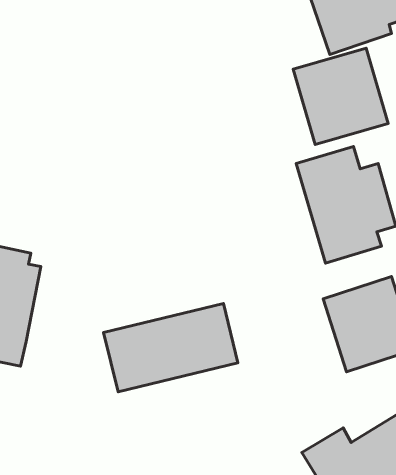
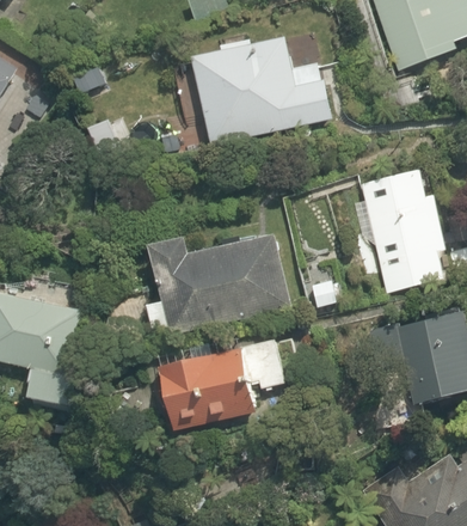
building: none -> [192,29,331,143]
building: [293,48,388,145] -> none
building: none -> [143,234,288,338]

